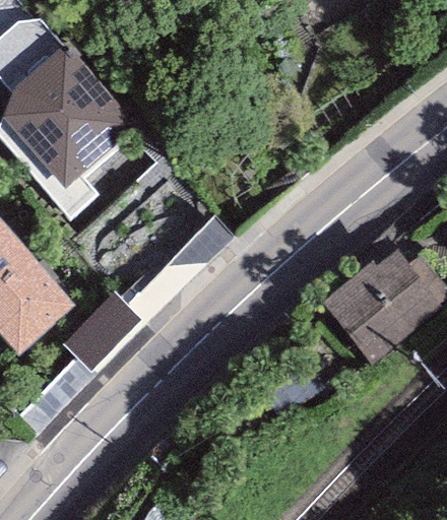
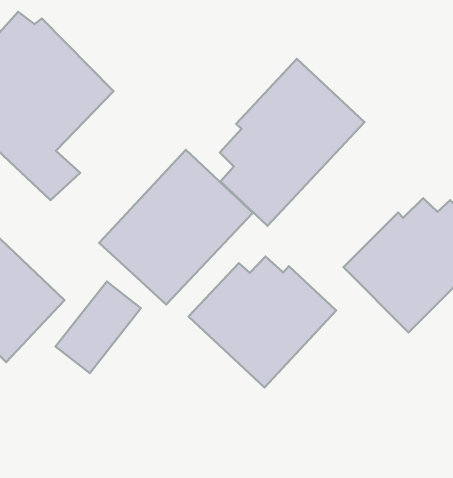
building: none -> [220,59,364,226]
building: none -> [189,256,336,388]

